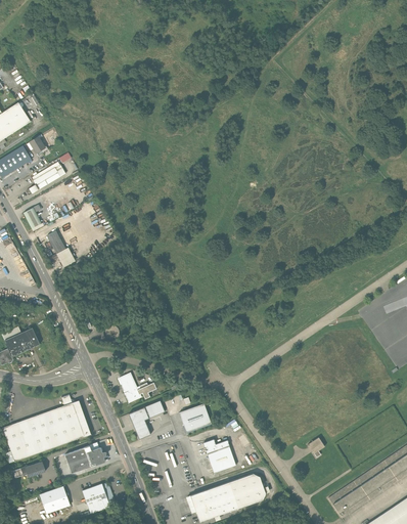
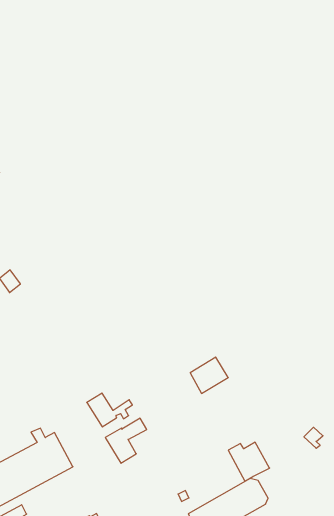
building: [176,401,210,432] -> [190,357,228,393]
building: [199,438,234,473] -> [228,442,270,481]
building: [64,445,105,473] -> none

